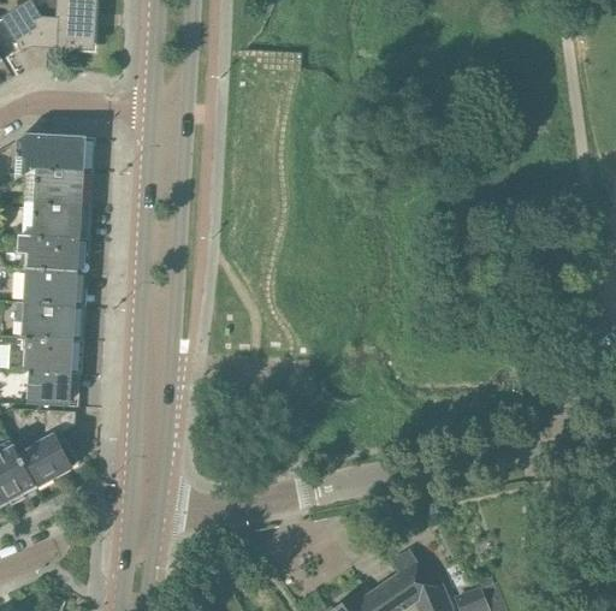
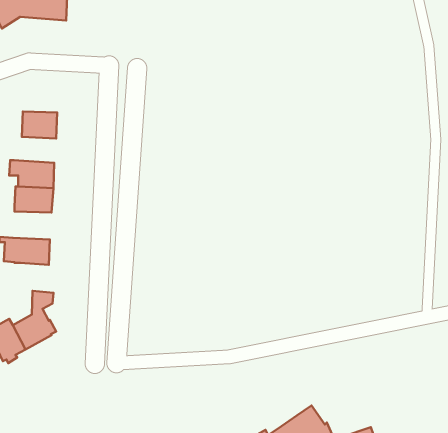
building: [18,134,84,176] -> none
building: [24,201,81,237] -> none
building: [23,302,75,339] -> none
building: [30,370,71,407] -> none

